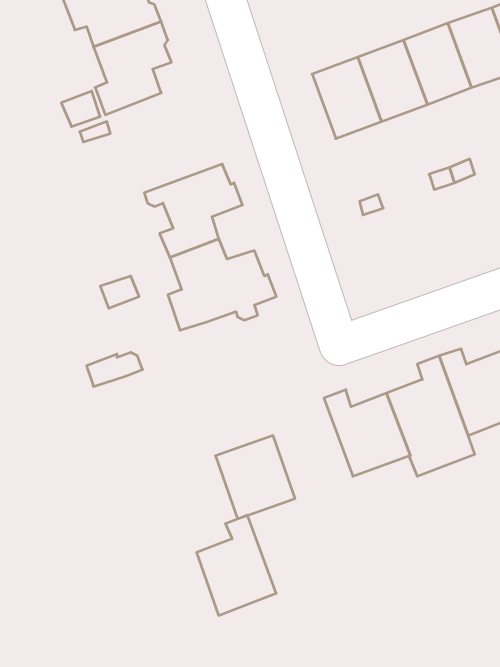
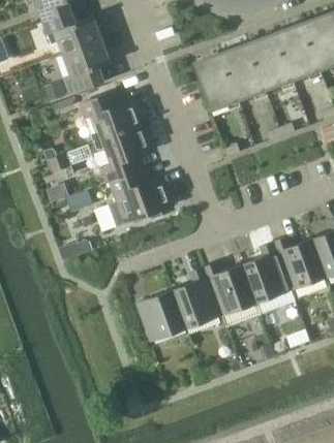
building: none -> [81,93,142,143]
building: [197,515,276,615] -> [173,267,221,328]

